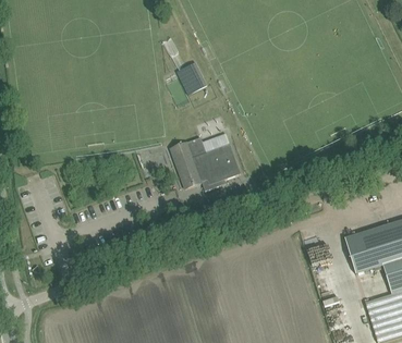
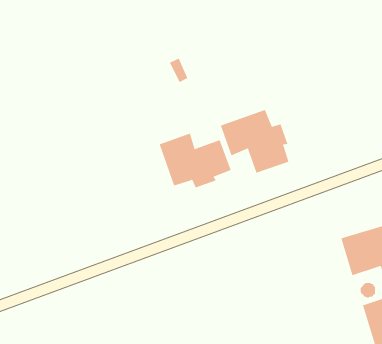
building: none -> [220,109,289,173]

